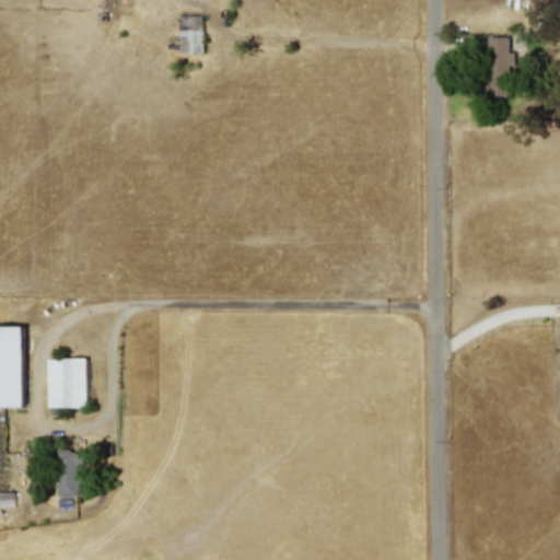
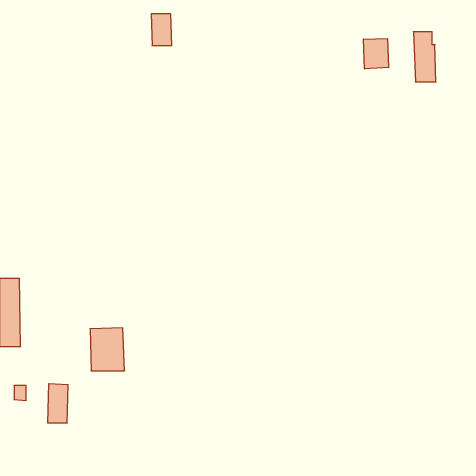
building: none -> [364,39,389,69]
building: [46,358,86,408] -> [90,328,125,371]

